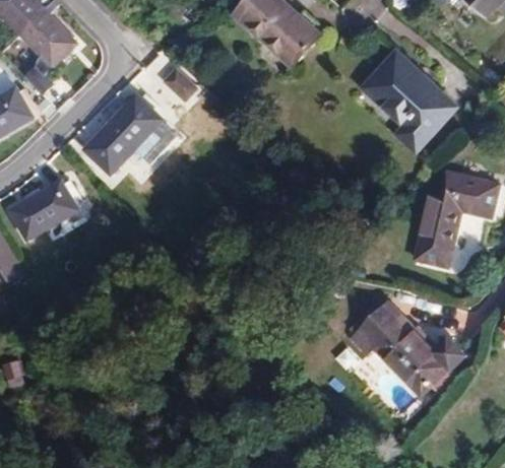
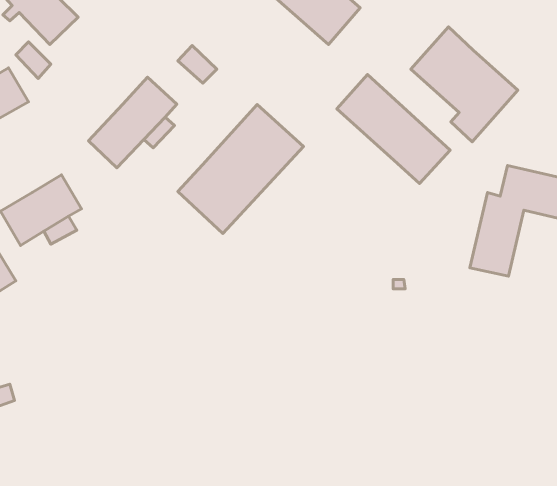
building: none -> [337,75,450,183]
building: none -> [178,105,303,234]
building: [350,300,466,392] -> none

